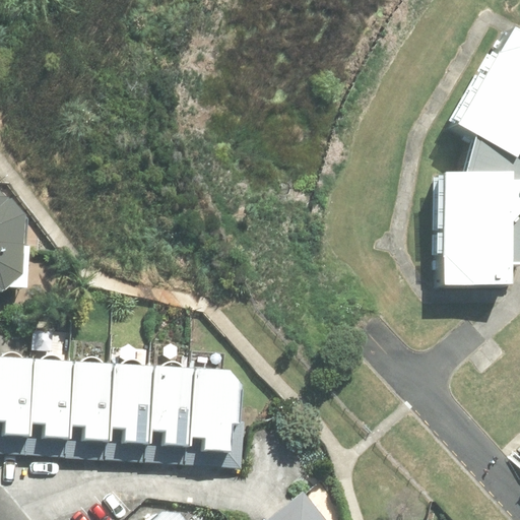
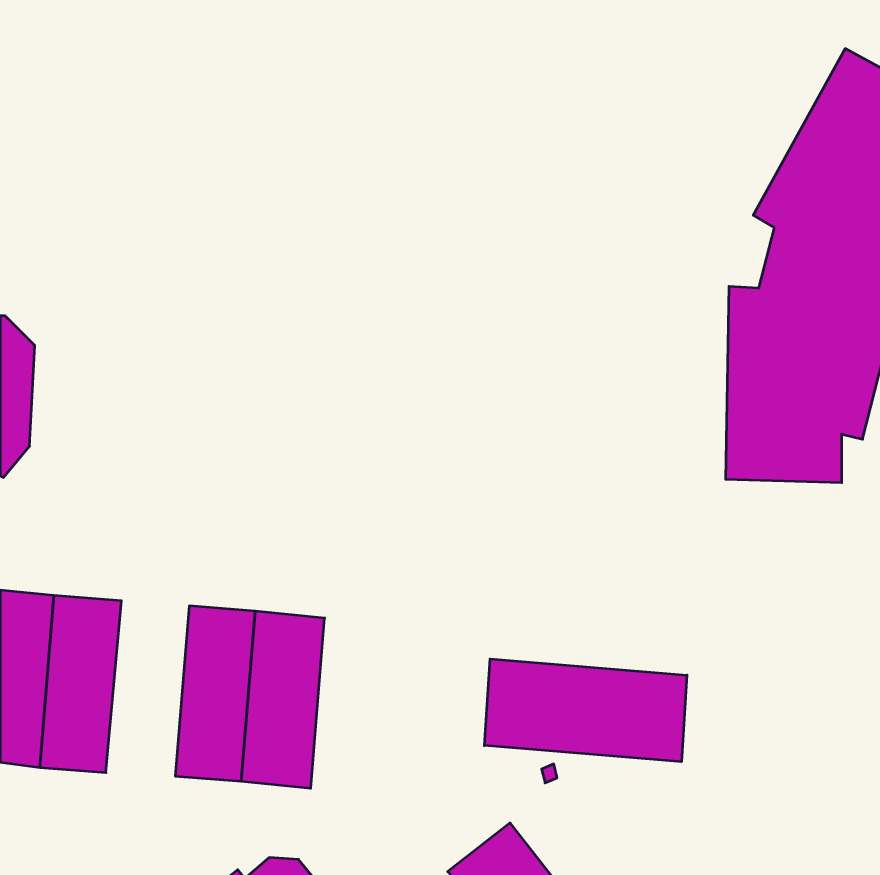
building: [66,359,115,461] -> none
building: [186,364,246,473] -> none
building: none -> [484,659,687,762]

